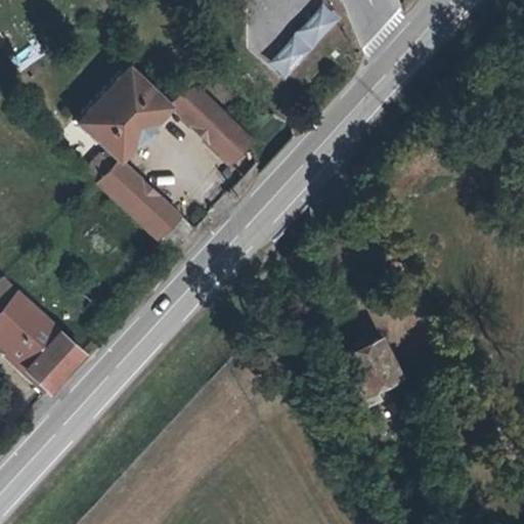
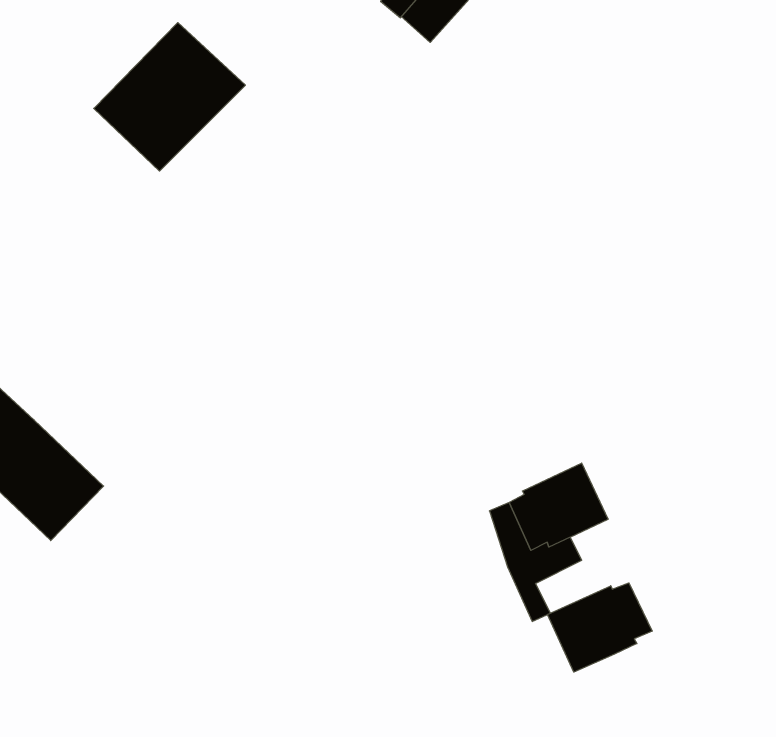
building: [172,85,252,163] -> none
building: [87,155,196,256] -> none
building: none -> [548,583,652,672]

